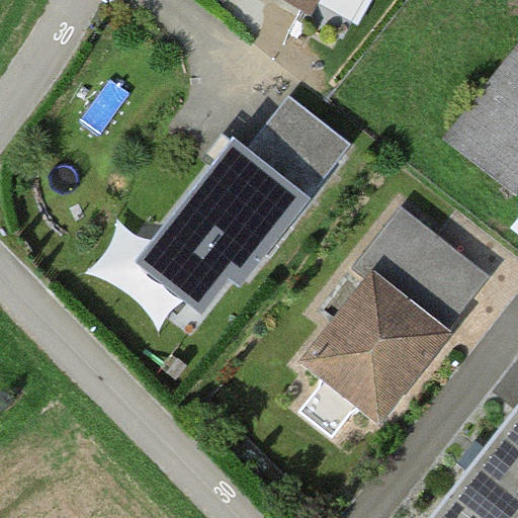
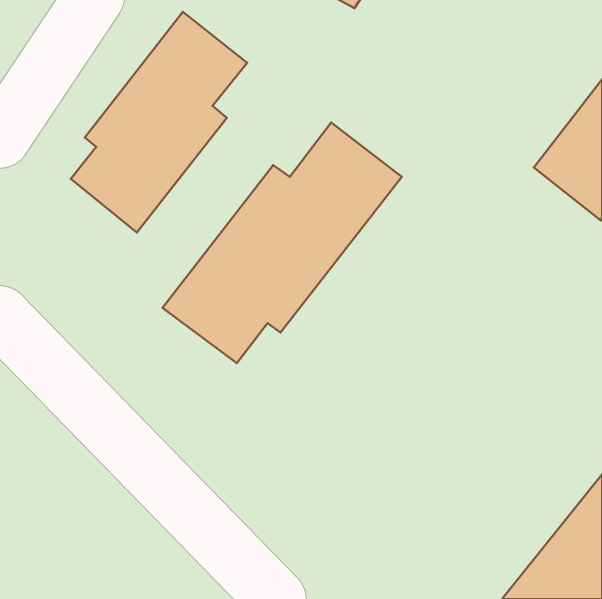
building: none -> [71,12,247,233]
building: [311,208,476,417] -> none

